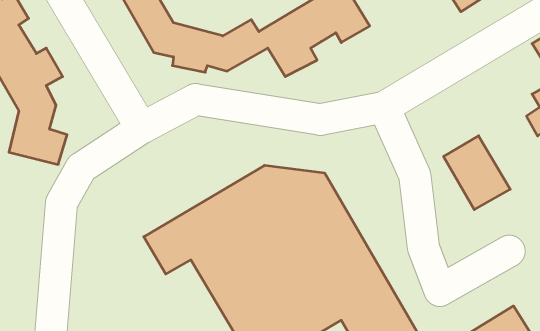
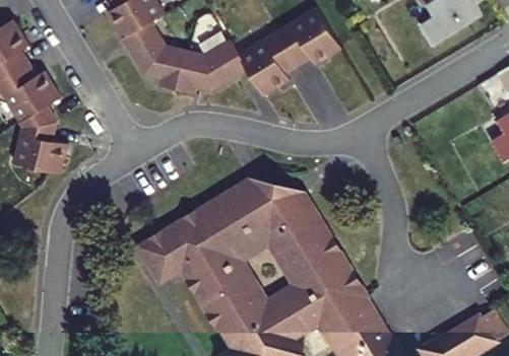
building: [444,136,510,210] -> none

